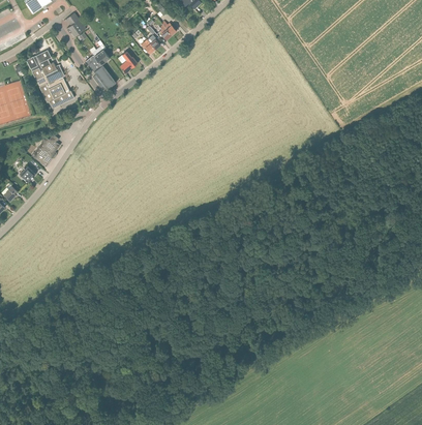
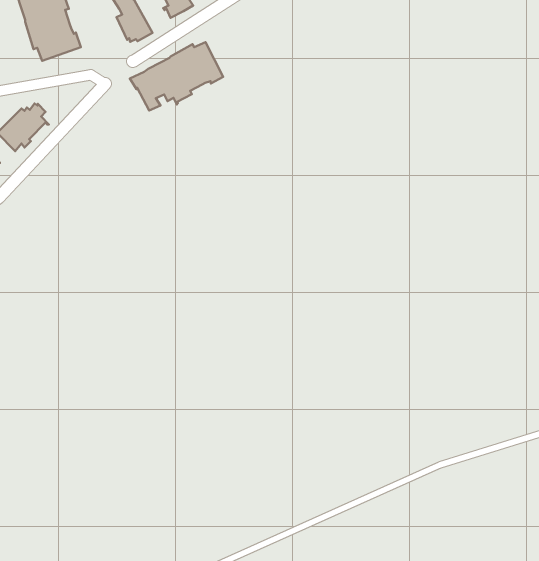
building: none -> [130,42,223,111]

